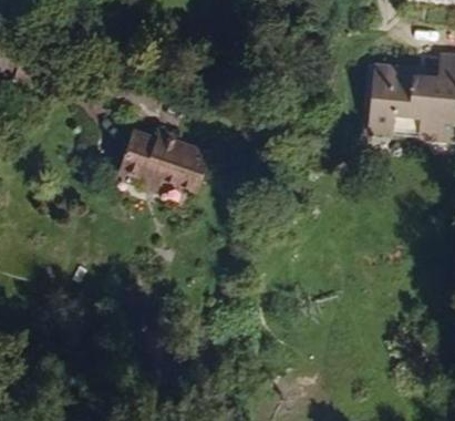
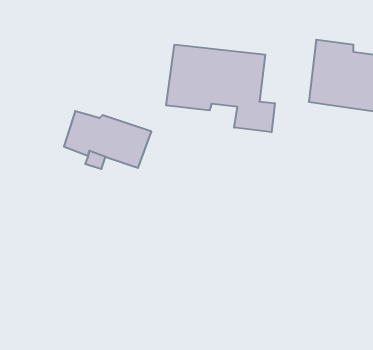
building: none -> [166,45,275,132]

